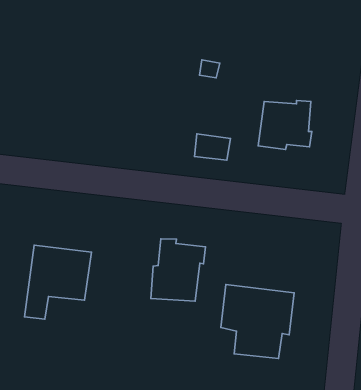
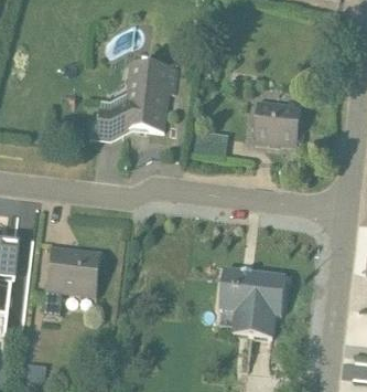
building: none -> [89,68,180,138]
building: [151,239,205,301] -> none

